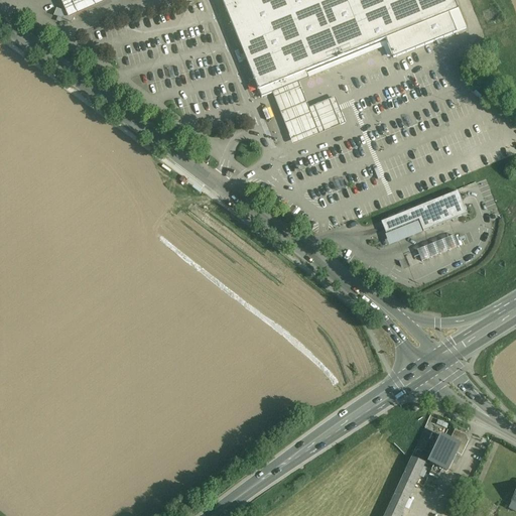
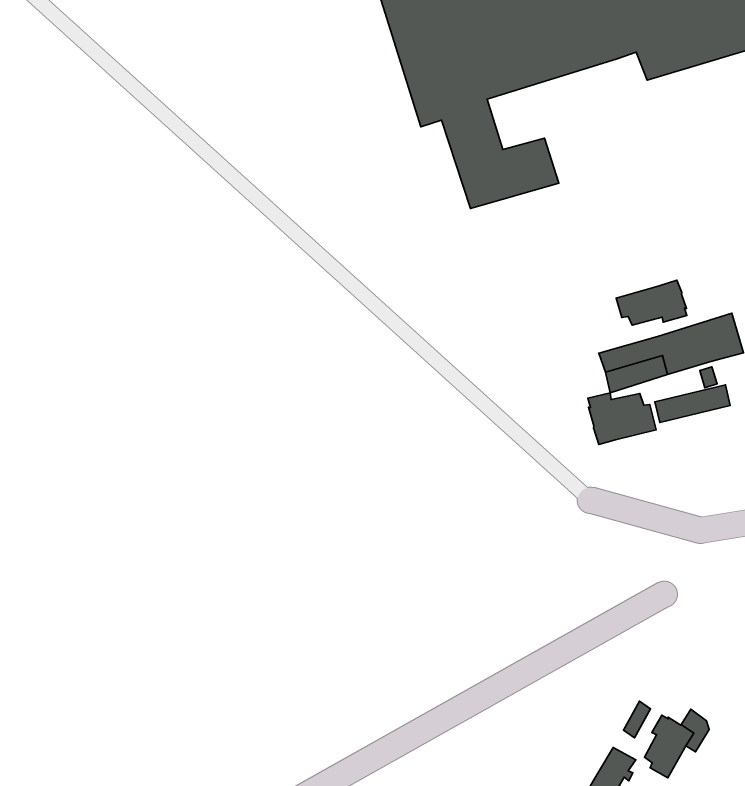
building: none -> [616,280,687,325]
building: none -> [588,393,656,444]

